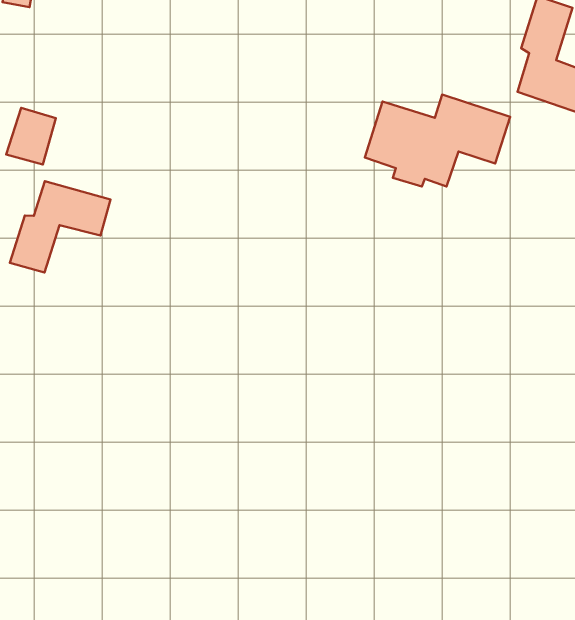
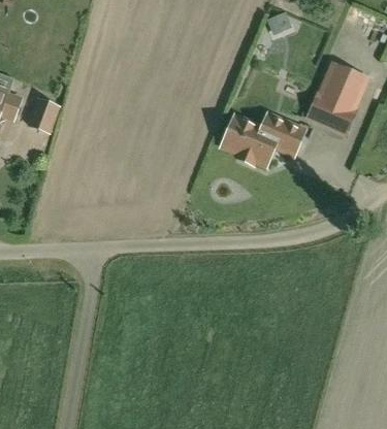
building: [10,181,110,272] -> none

